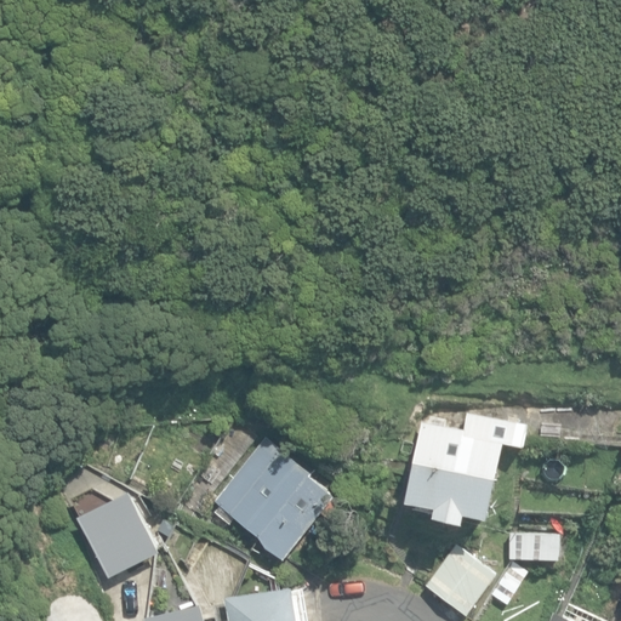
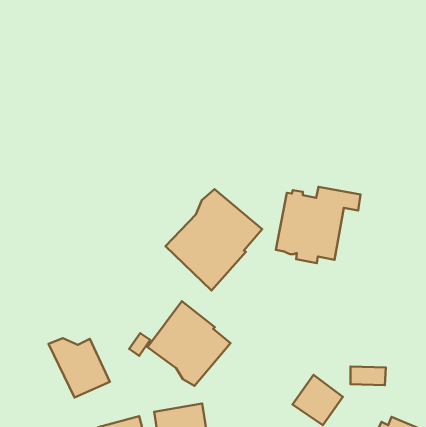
building: none -> [166,189,262,291]
building: [404,415,526,525] -> [276,187,361,263]

